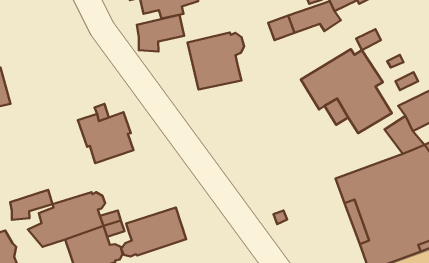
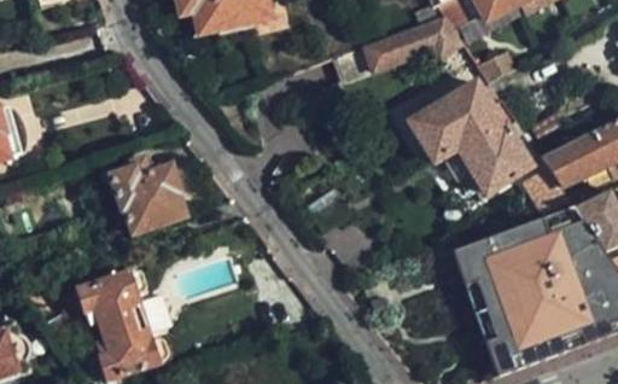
building: [137,15,184,52] -> none
building: [188,33,244,89] -> none
building: [10,190,52,220] -> none
building: [121,208,186,257] -> none

